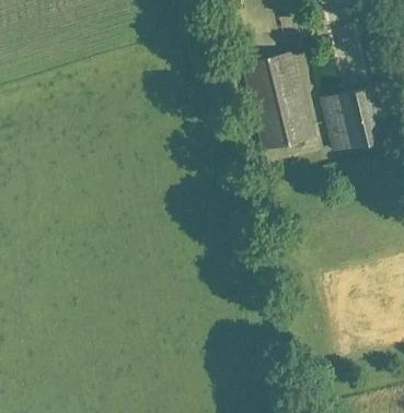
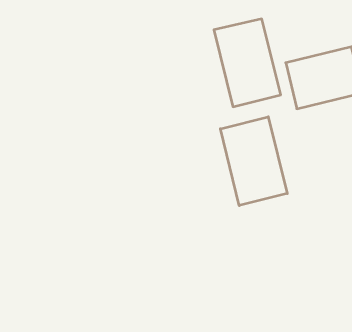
building: none -> [220,117,287,206]

